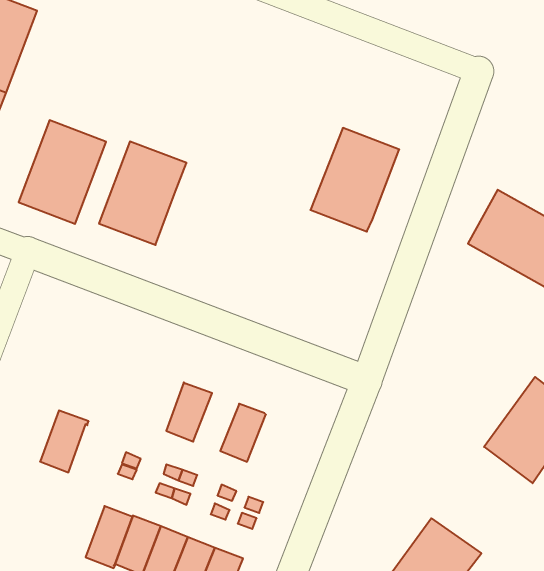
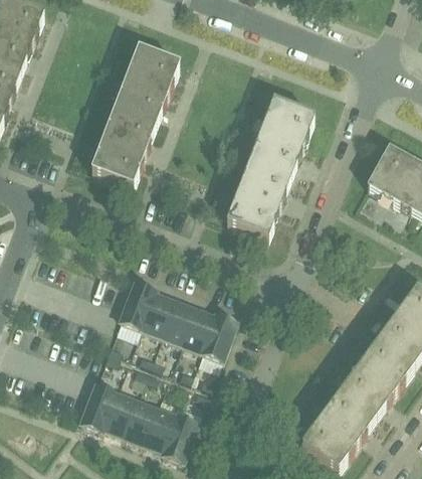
building: [19,120,106,224] -> [113,47,178,125]
building: none -> [224,160,289,238]
building: none -> [160,297,194,340]
building: [40,410,89,472] -> [119,279,155,325]
building: none -> [200,311,236,357]
building: none -> [338,337,413,417]

